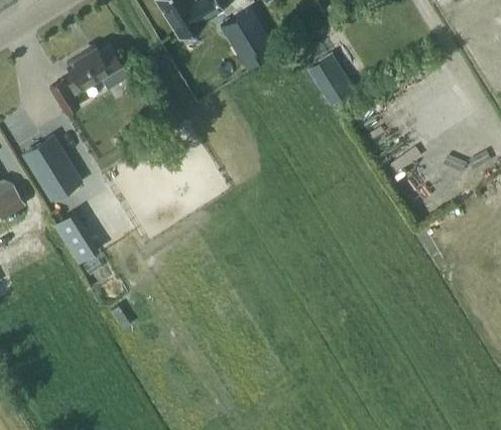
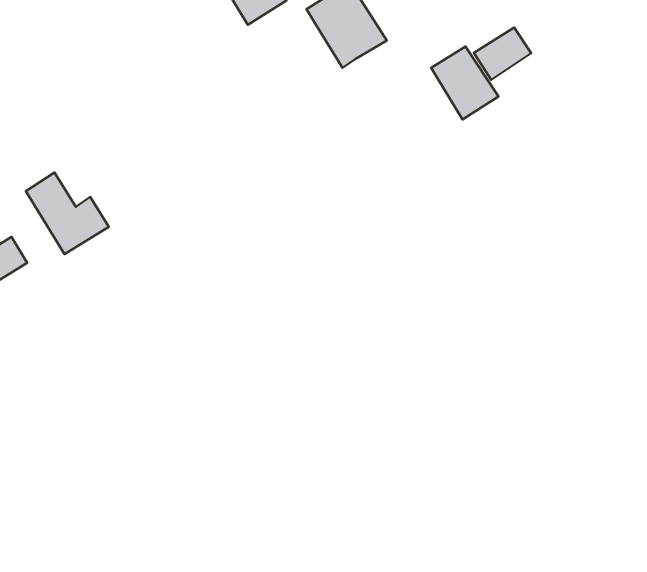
building: none -> [474,27,531,80]
building: [51,44,123,114] -> none
building: [52,210,99,263] -> none

